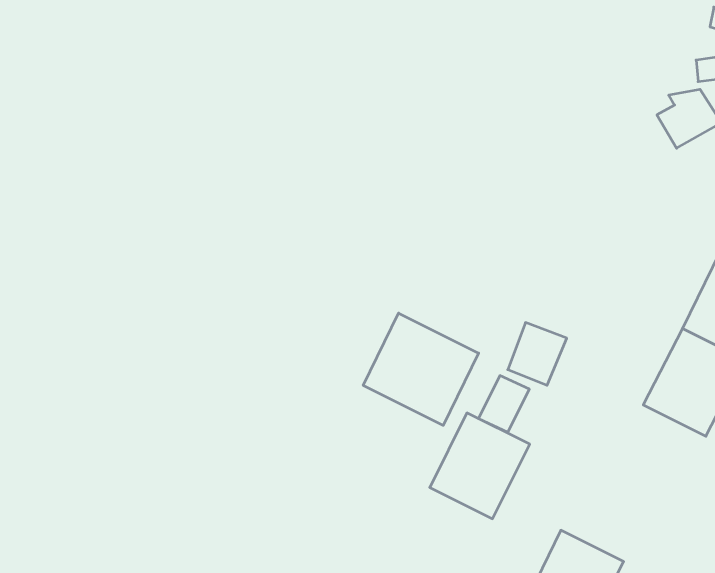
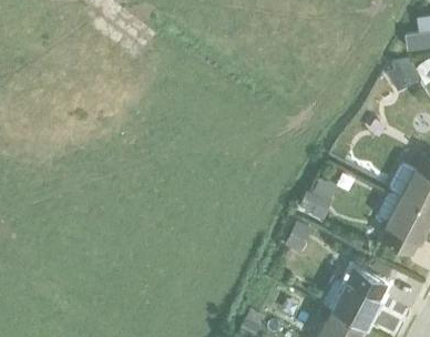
building: [363,313,479,425] -> none
building: [430,413,530,519] -> [331,265,388,325]

